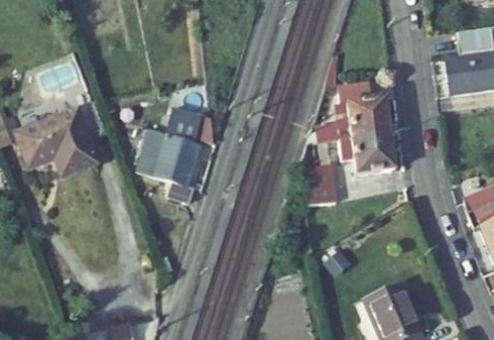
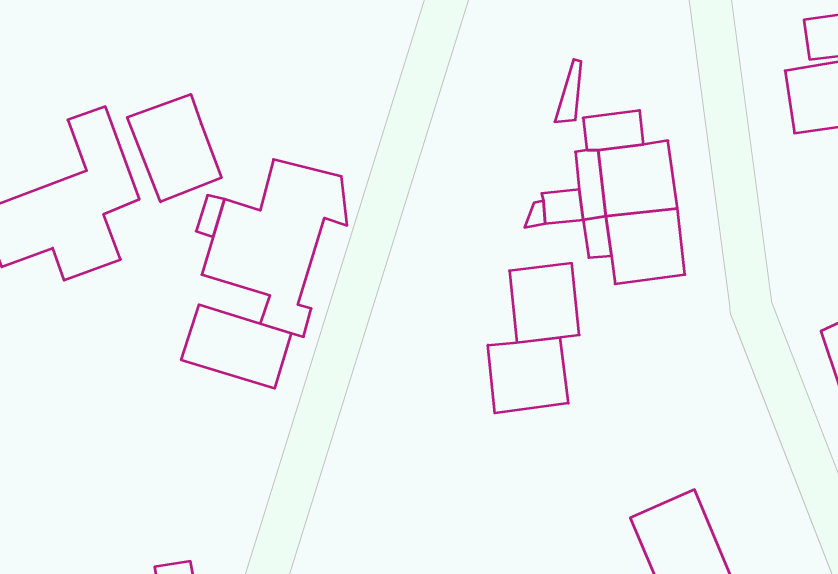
building: none -> [127,94,221,202]
building: none -> [181,305,291,388]
building: none -> [488,338,568,413]

